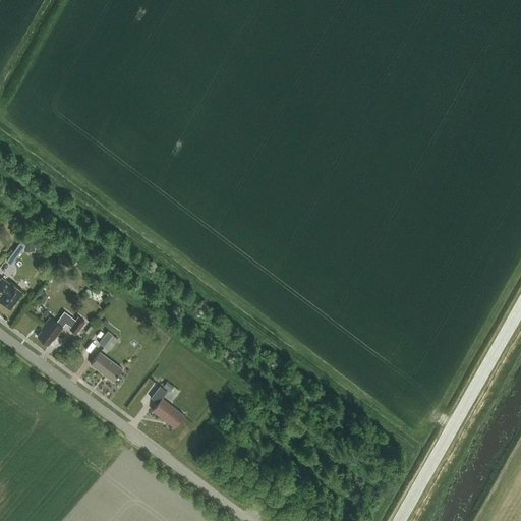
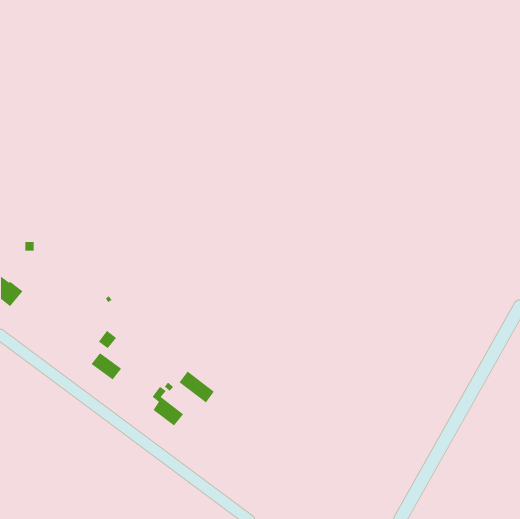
building: [38,312,85,344] -> none
building: none -> [179,371,215,403]

